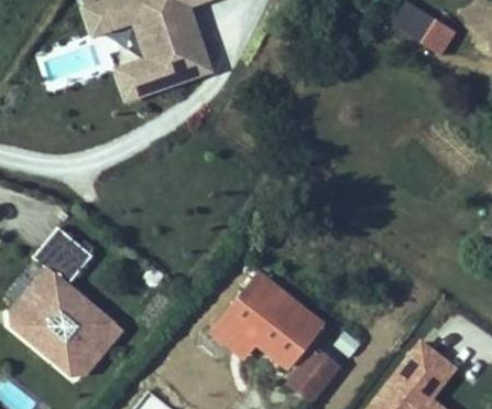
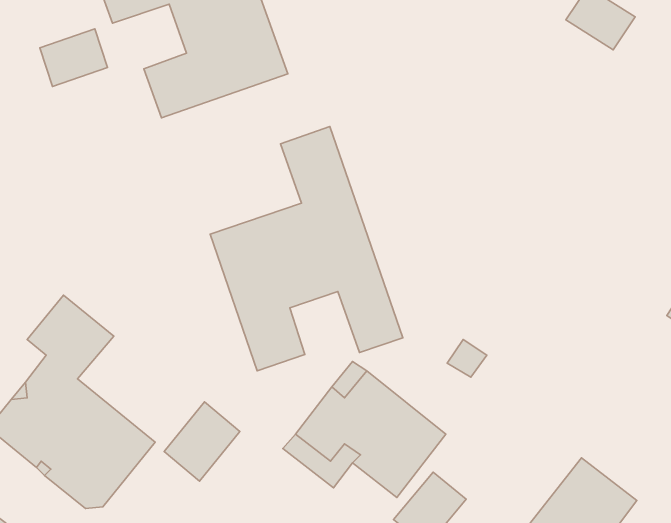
building: none -> [40,29,108,87]
building: none -> [210,127,403,371]
building: none -> [164,402,240,481]

